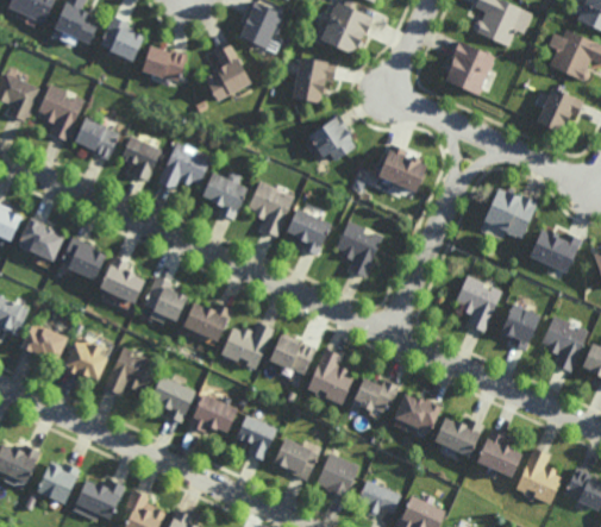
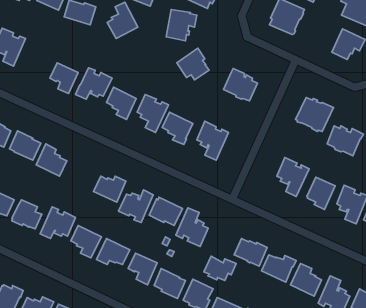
building: [75,115,120,159] -> none
building: [144,276,188,322] -> none
building: [351,377,399,413] -> [204,256,236,281]

